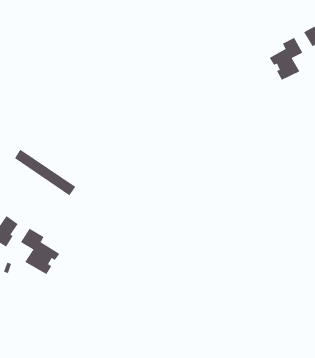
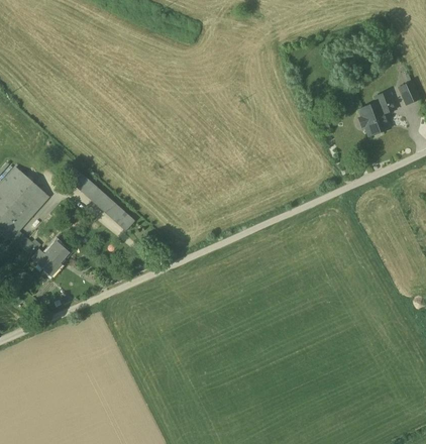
building: [20,228,60,275] -> none

